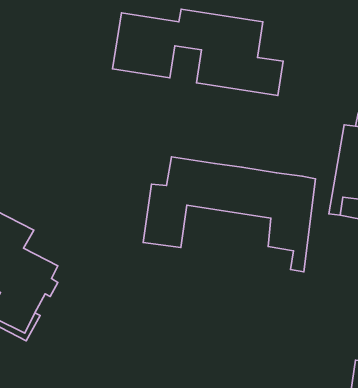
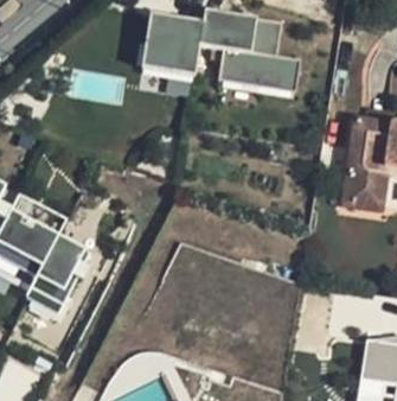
building: [143,157,315,272] -> none

